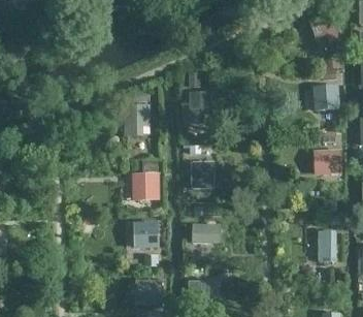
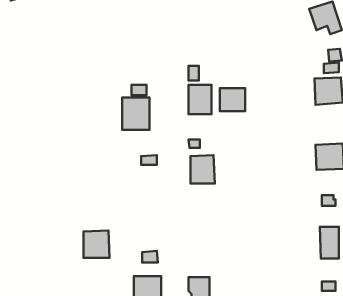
building: none -> [220,88,245,111]
building: [131,171,160,199] -> none
building: [134,220,160,247] -> [83,231,110,258]
building: [192,223,221,243] -> none

